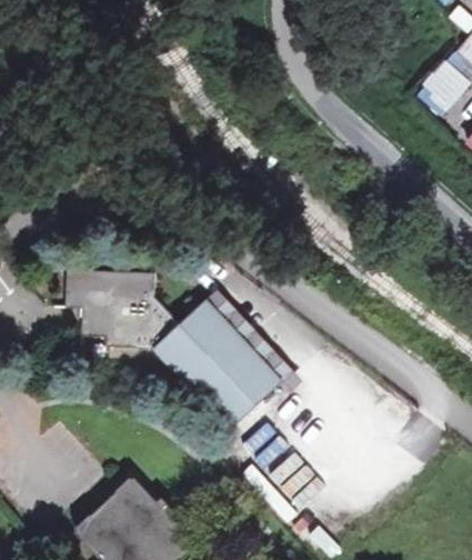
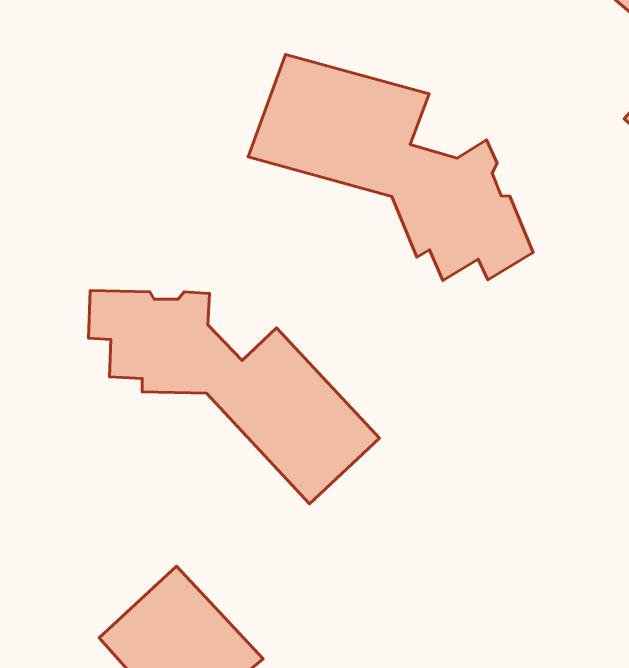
building: none -> [248,54,533,280]

